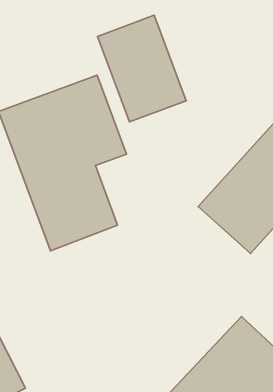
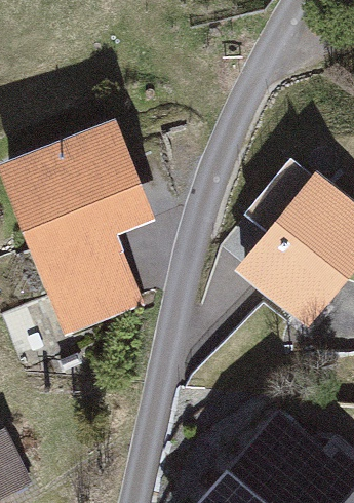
building: [97,15,186,122] -> none

